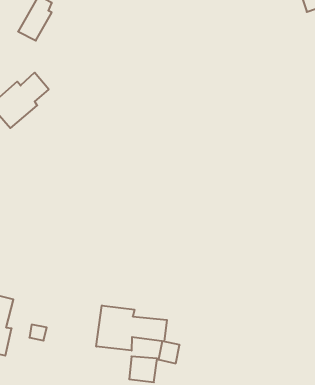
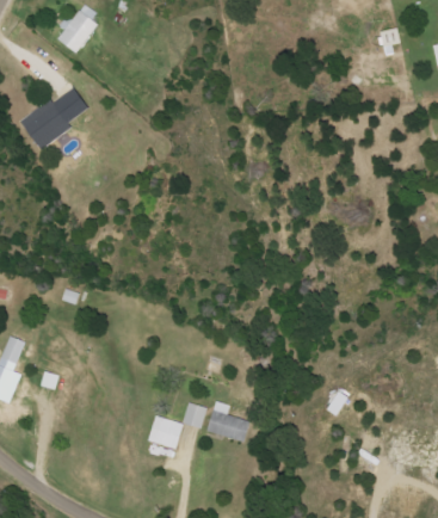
building: [96,305,167,351] -> none
building: none -> [206,401,248,442]

